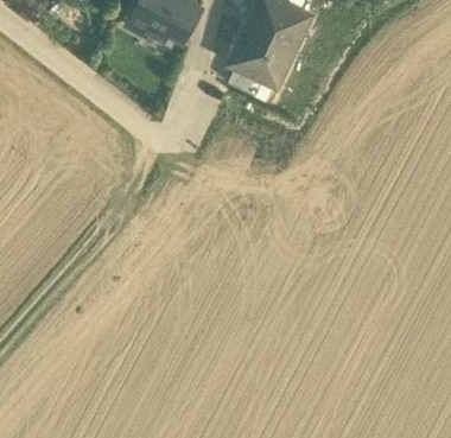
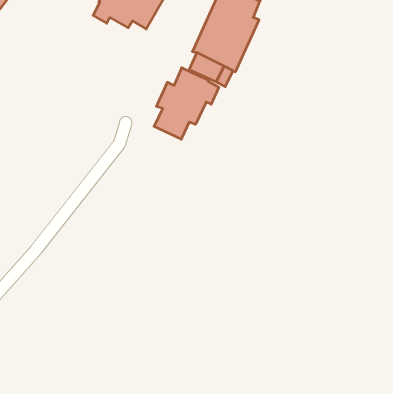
building: none -> [154,68,219,139]

